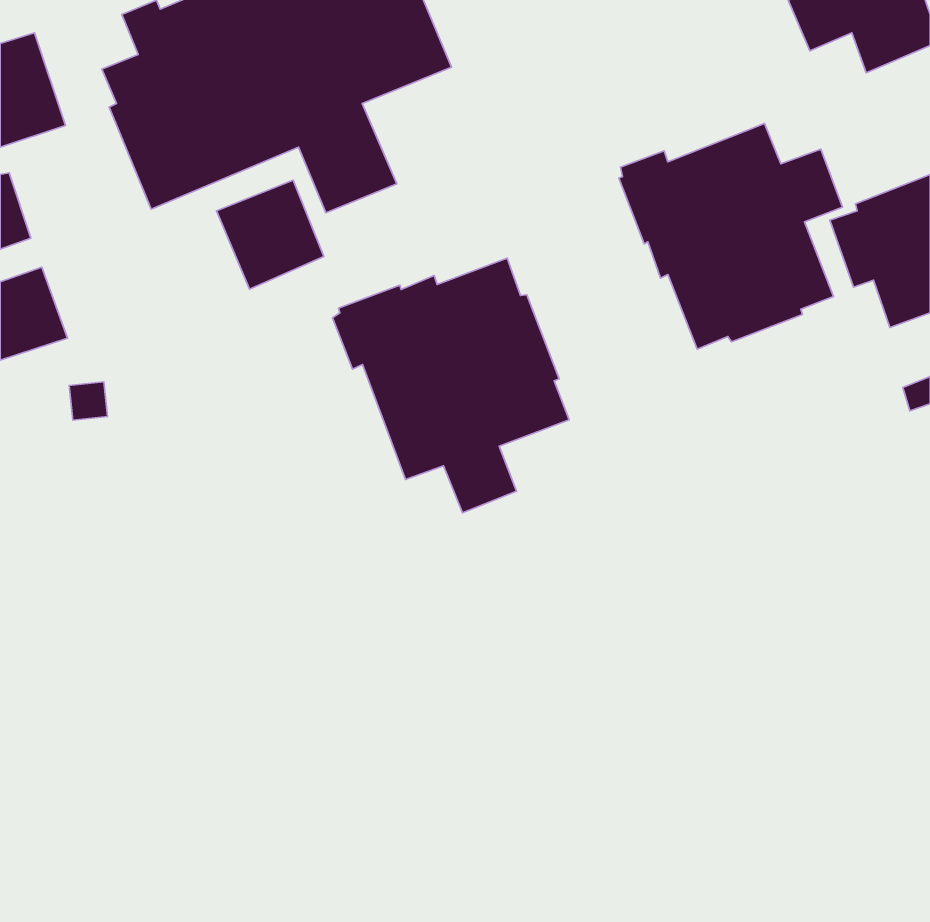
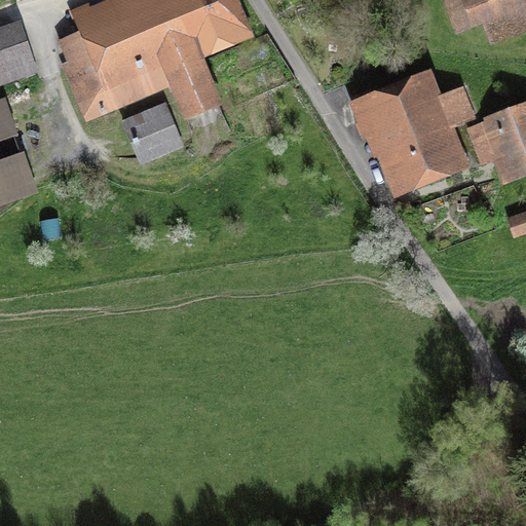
building: [332,258,569,513] -> none

